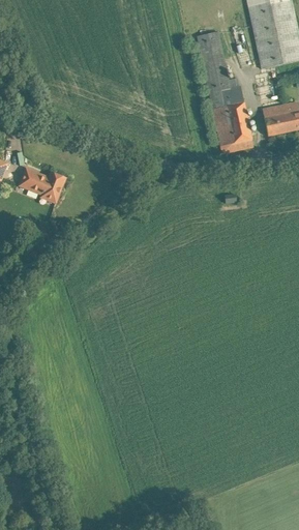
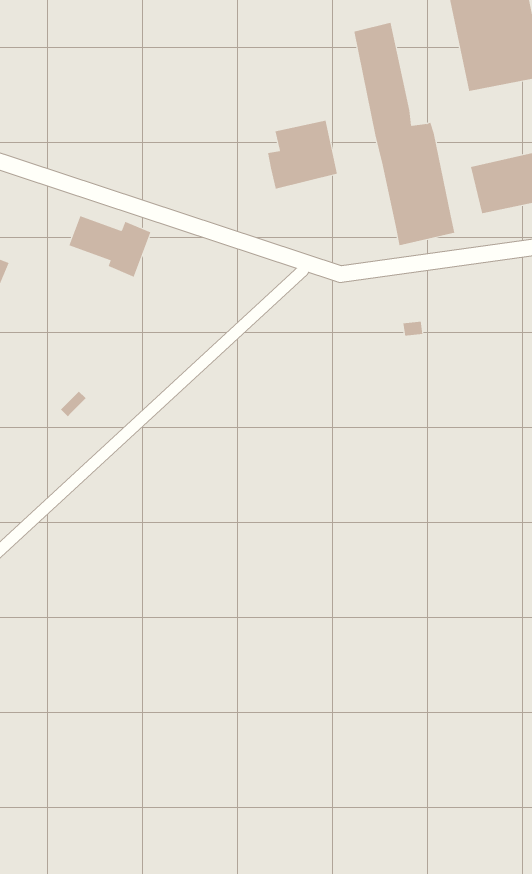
building: none -> [268,120,337,190]
building: [20,168,65,202] -> [68,215,151,277]

